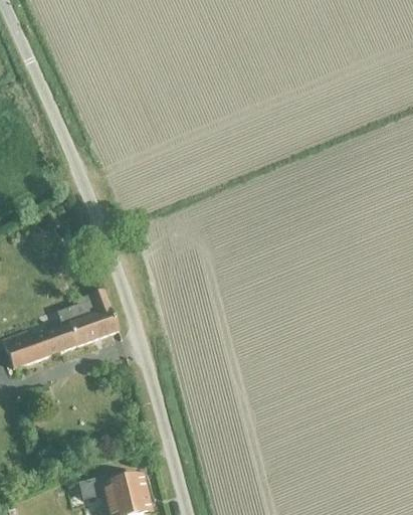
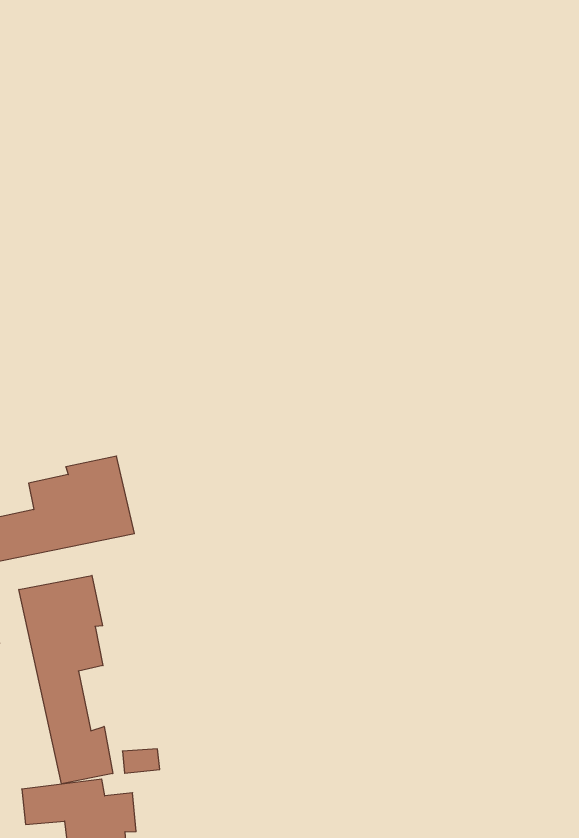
building: none -> [19,575,113,784]

